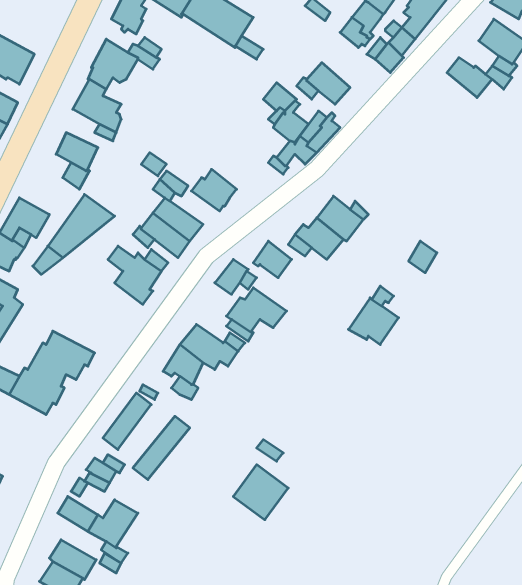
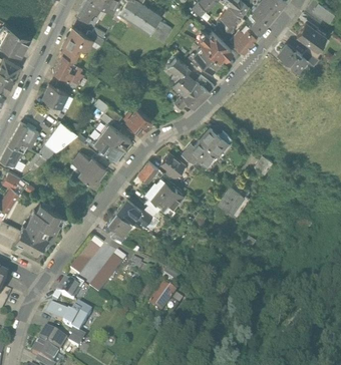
building: none -> [198,27,232,56]

